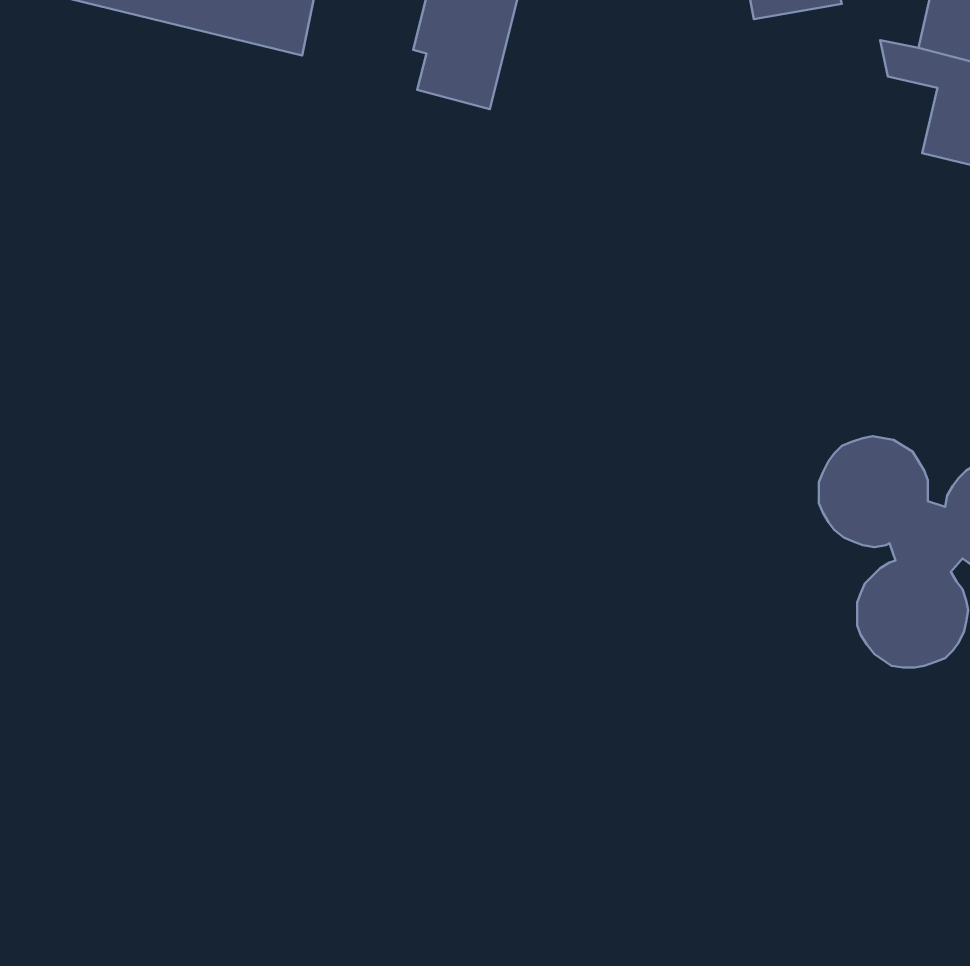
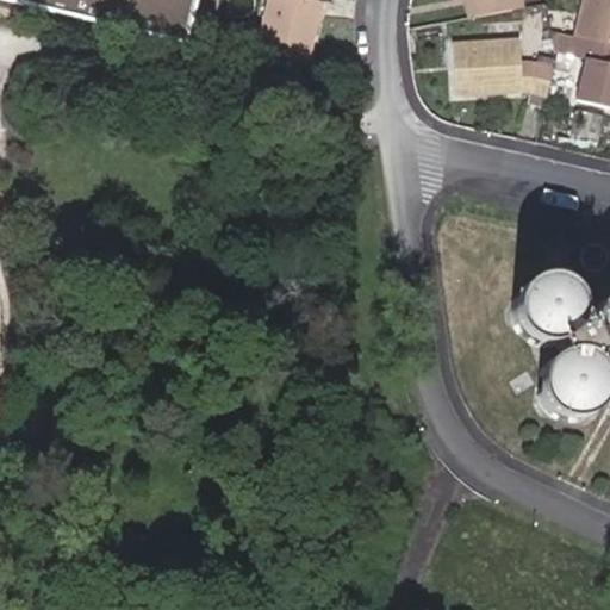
building: none -> [455,33,559,92]

